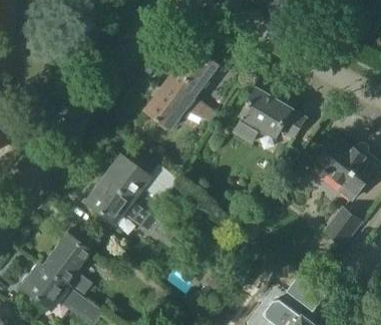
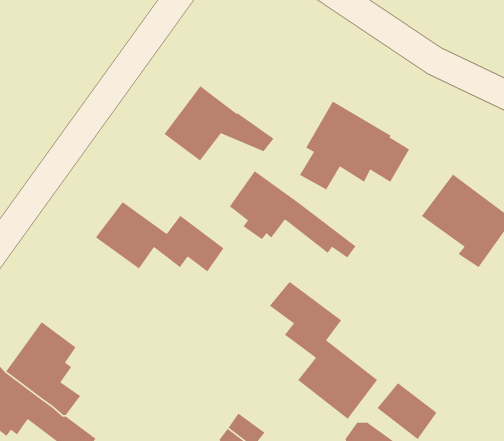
building: [169,46,218,96] -> none
building: [83,179,167,237] -> [229,170,357,258]
building: none -> [269,281,378,420]
building: [324,208,361,245] -> none

